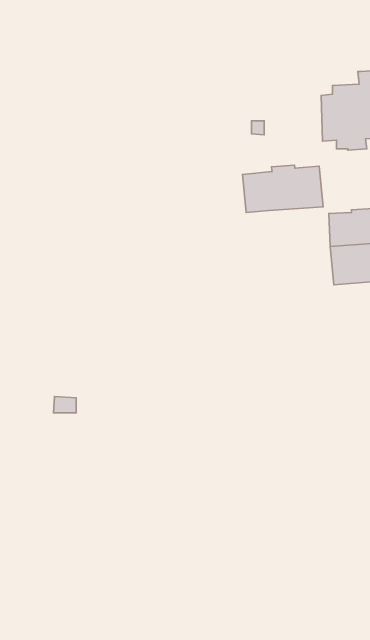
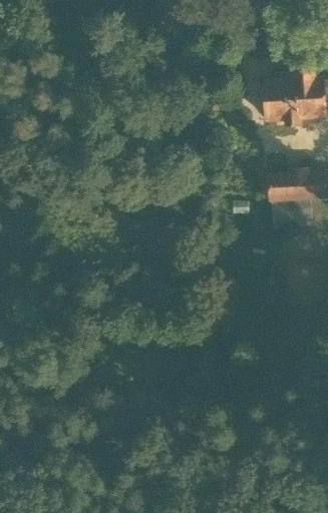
building: [242,165,323,212] -> none

